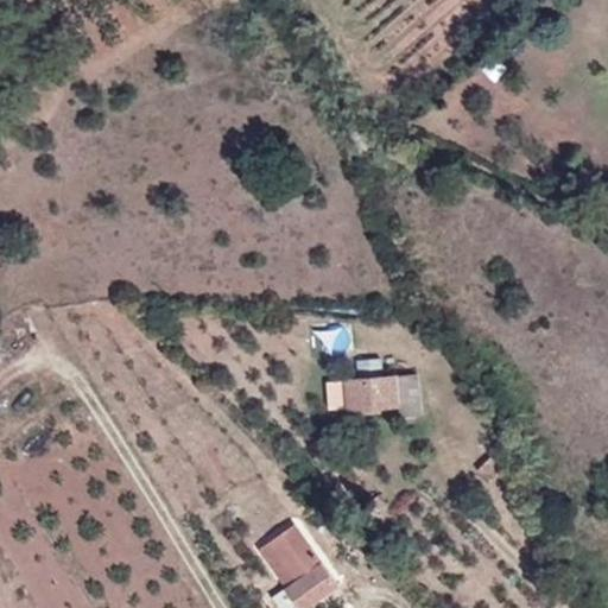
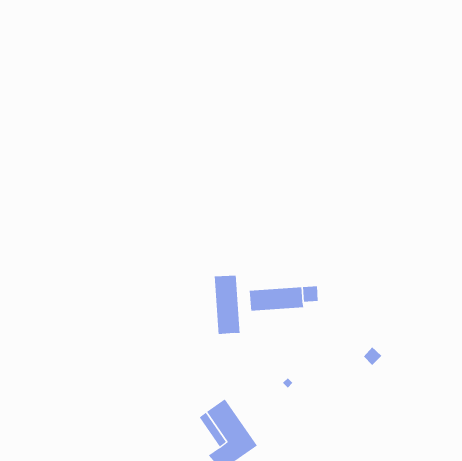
building: none -> [214,275,240,335]

